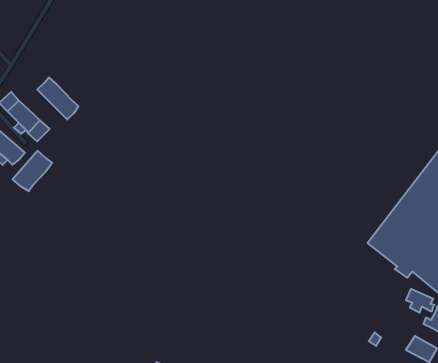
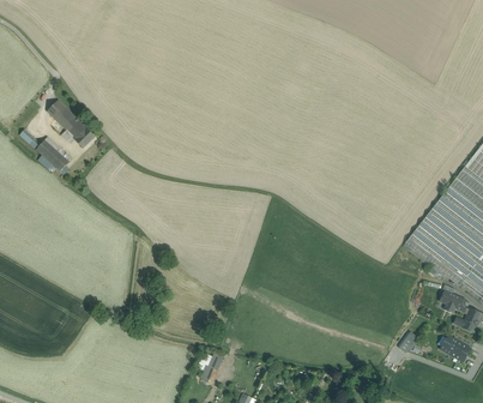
building: [37,77,78,120] -> none
building: [13,151,52,191] -> none

